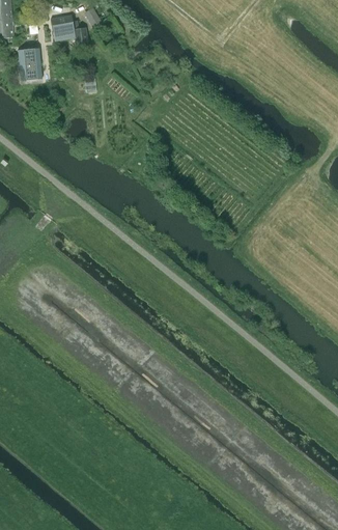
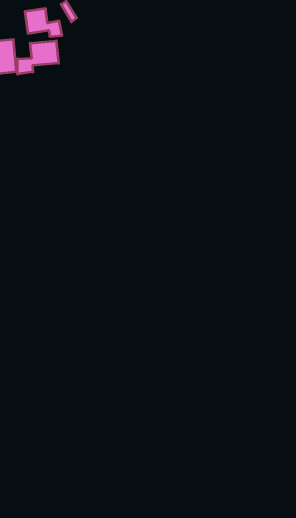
building: none -> [17,41,58,74]

